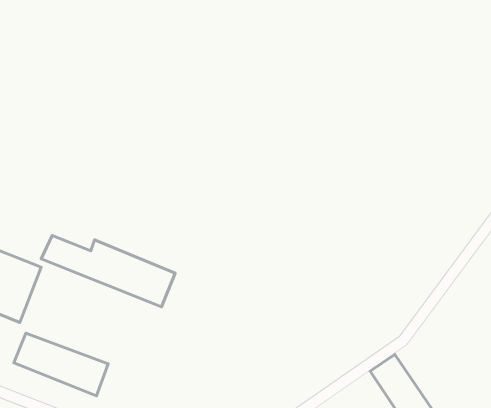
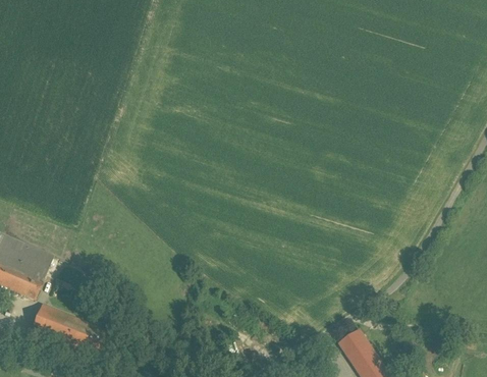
building: [41,236,175,307] -> none

